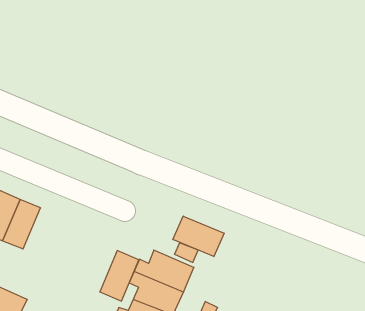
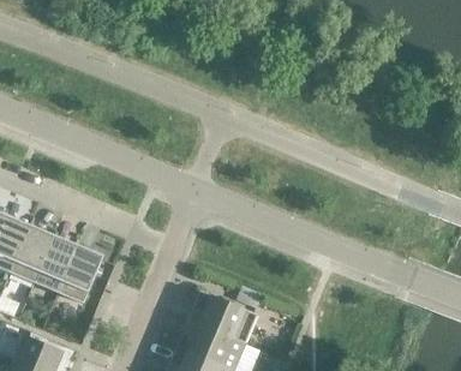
building: [173,216,224,257] -> none
building: [100,251,139,301] -> [58,244,103,303]

